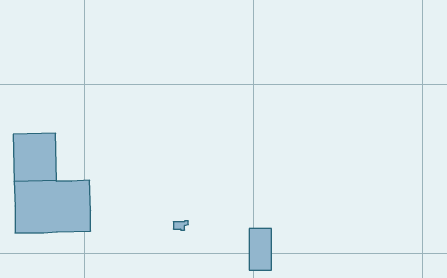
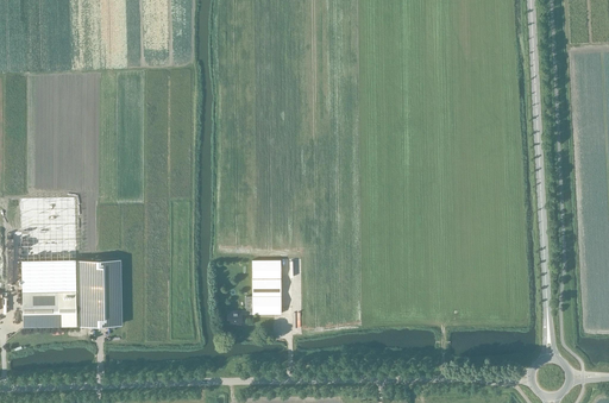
building: [249,229,271,270] -> [253,260,282,314]

